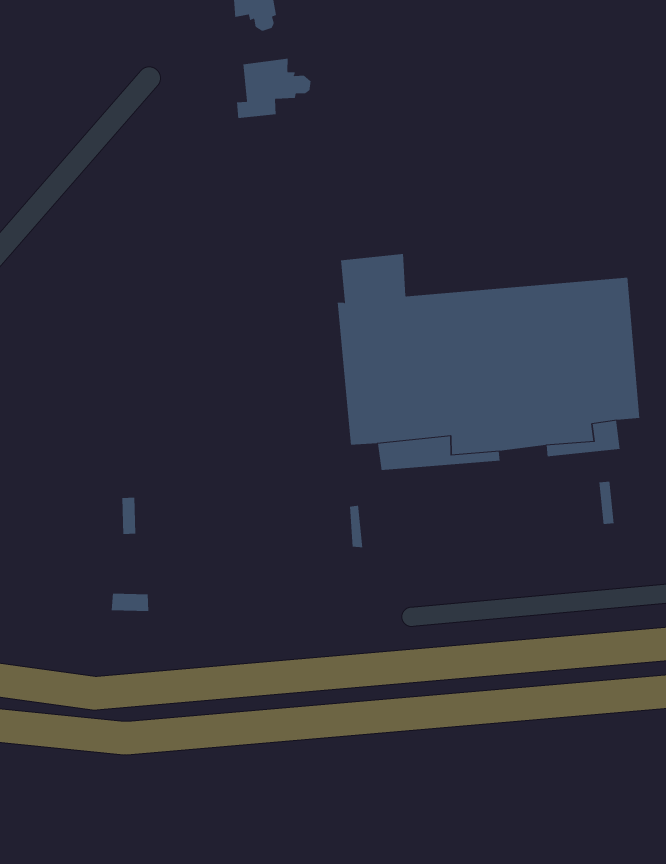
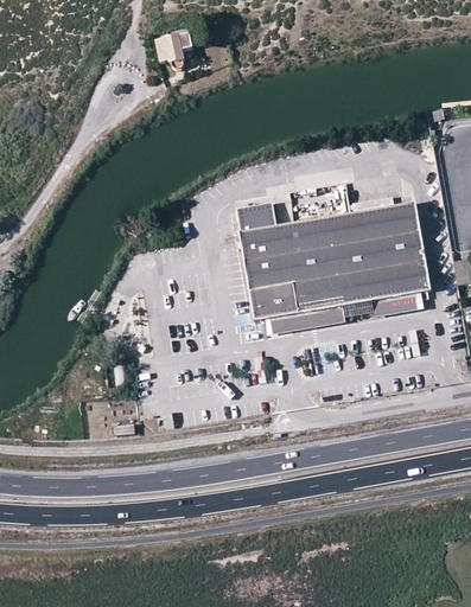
building: [237,58,311,119] -> none

